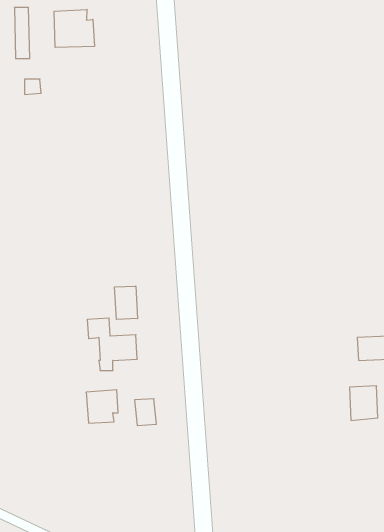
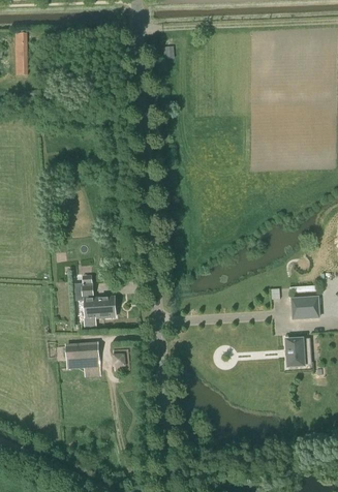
building: [54,9,94,47] -> none
building: [115,286,138,319] -> none

